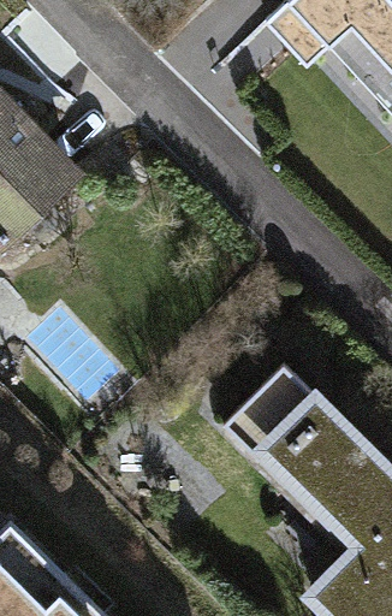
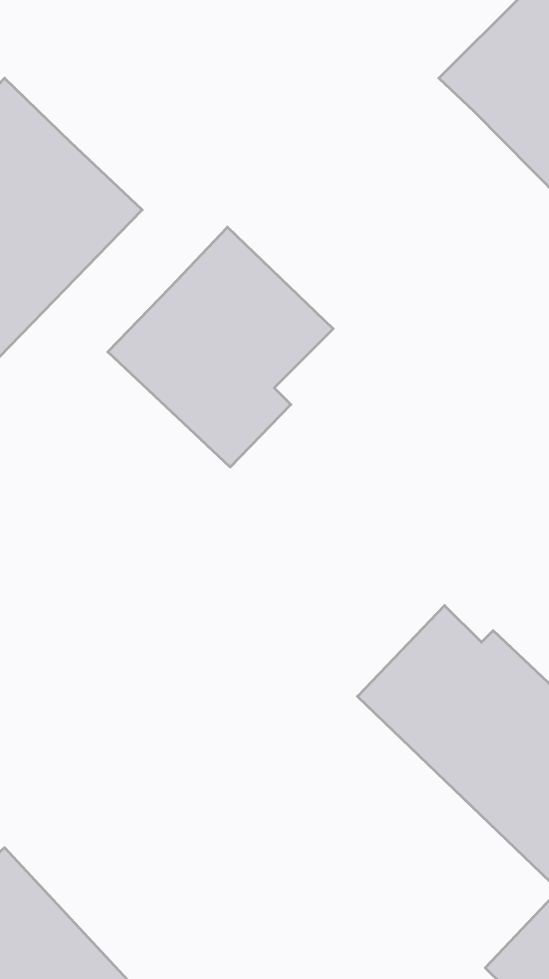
building: none -> [108,227,333,467]

